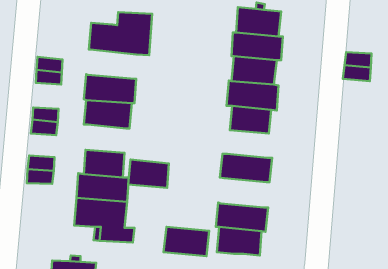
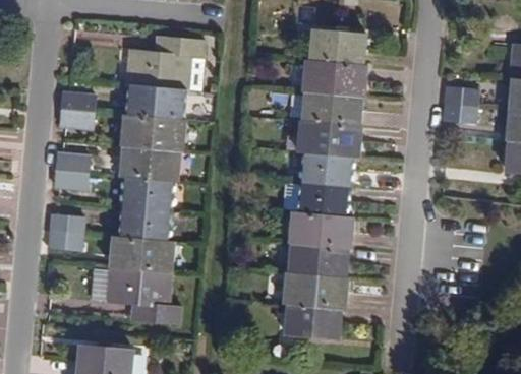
building: none -> [124,82,184,119]
building: none -> [298,183,350,217]
building: [128,159,169,188] -> [121,176,172,211]
building: [163,227,209,256] -> [290,243,347,279]

